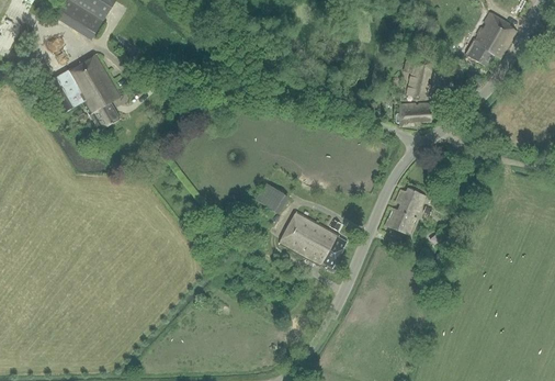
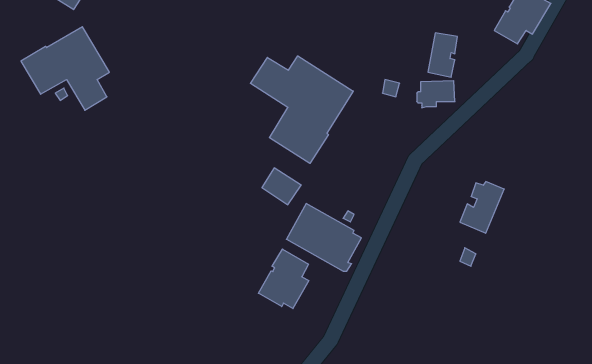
building: none -> [250,56,353,163]
building: [385,187,424,233] -> [460,182,504,233]
building: none -> [258,249,309,309]

